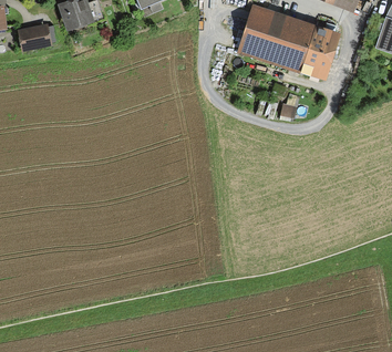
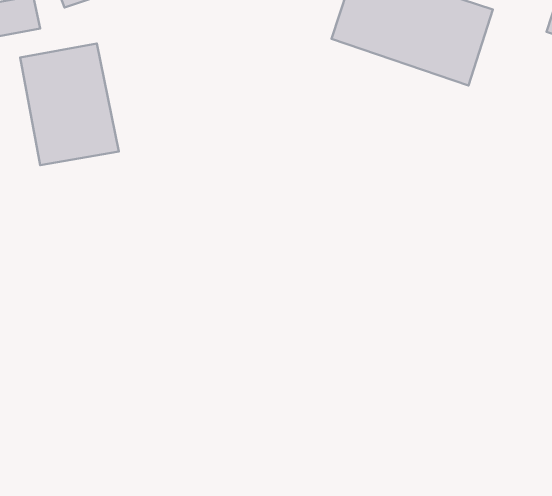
building: none -> [20,43,119,165]

